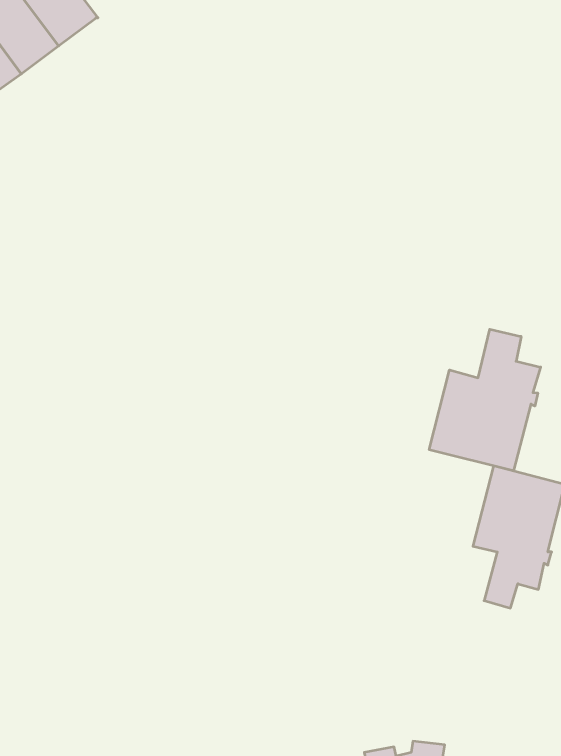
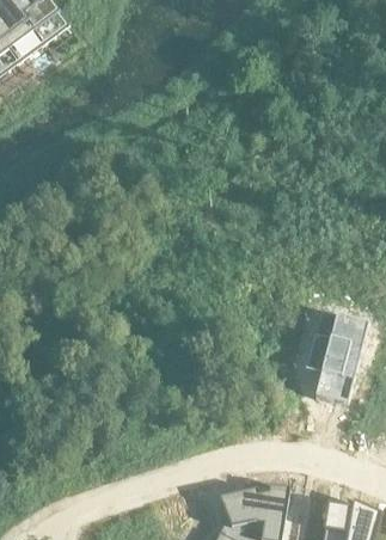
building: [429,329,541,471] -> none

